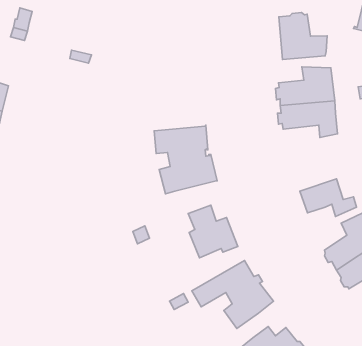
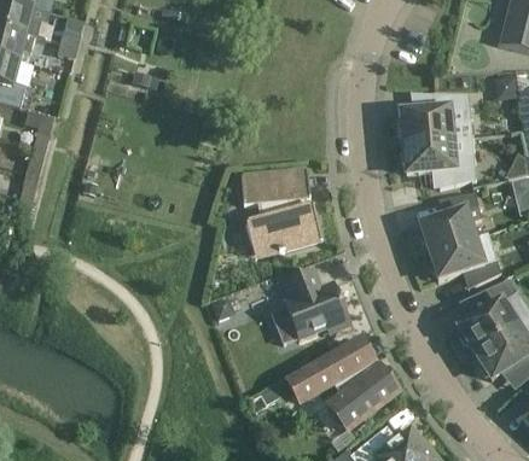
building: [279,12,327,59] -> none
building: none -> [419,192,482,252]

